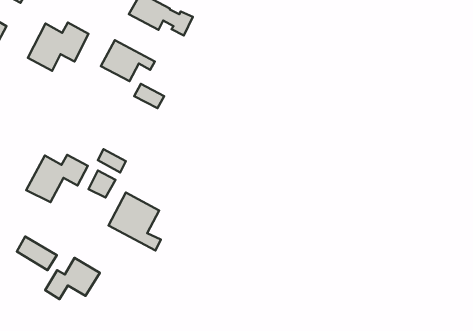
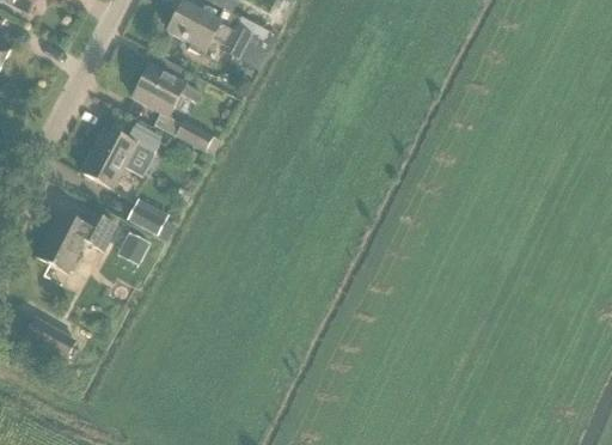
building: [28,23,88,71] -> [82,126,160,188]
building: [108,192,161,250] -> none
building: [45,258,100,299] -> none

